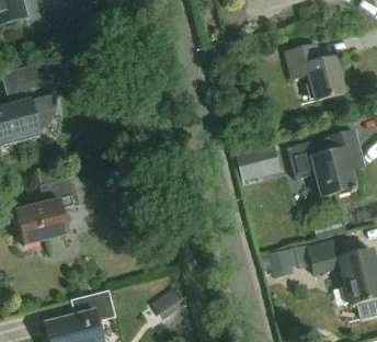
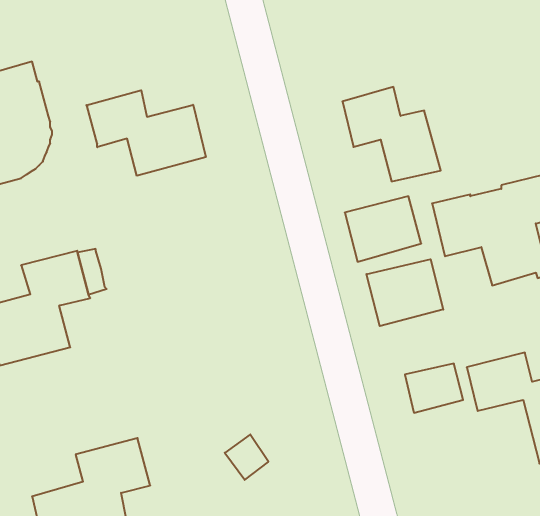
building: [285,43,344,100] -> [342,87,441,181]
building: none -> [86,90,206,176]
building: none -> [366,259,443,326]

